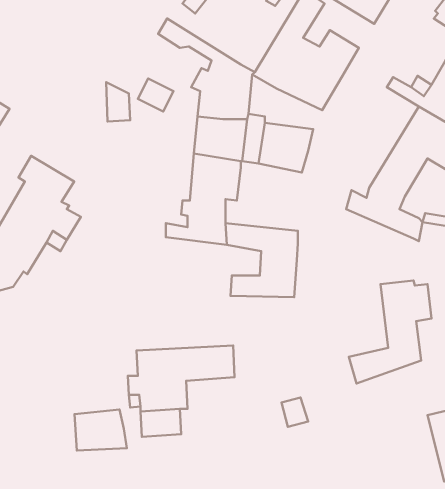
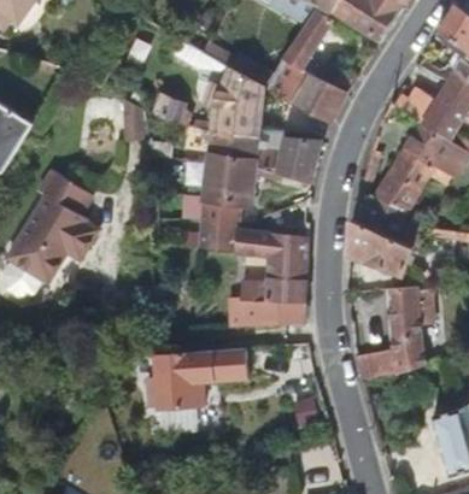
building: none -> [348,218,416,275]
building: none -> [227,300,303,328]
building: [75,409,127,450] -> none

